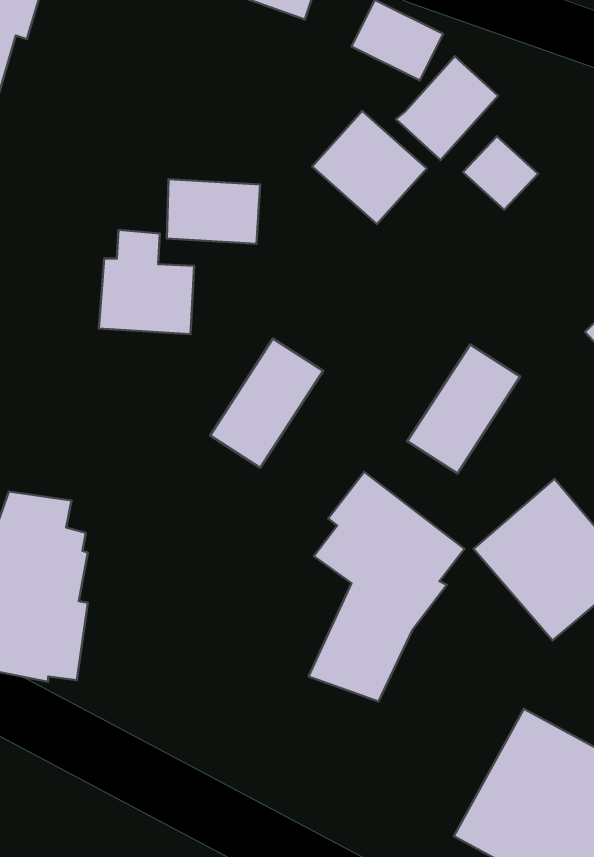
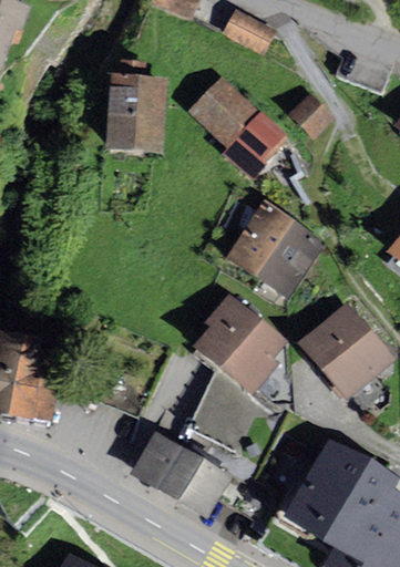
building: [396,56,498,160] -> [229,110,293,174]
building: [99,230,194,334] -> [106,55,165,120]
building: [210,339,323,468] -> [223,198,293,278]
building: none -> [129,431,229,519]

